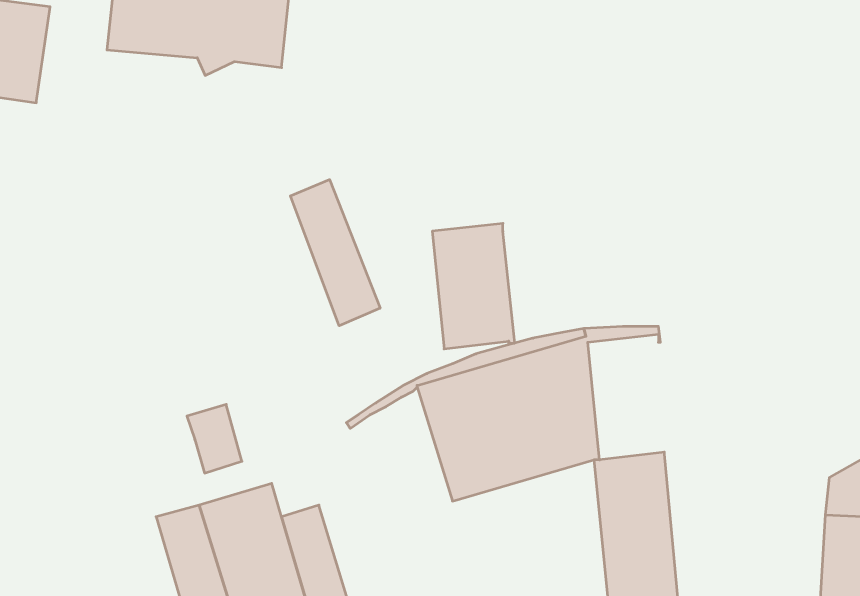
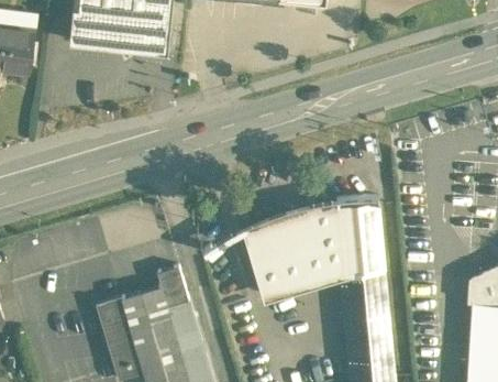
building: [290,180,380,326] -> none
building: [432,223,515,349] -> [339,204,385,274]
building: [187,404,242,473] -> [157,268,188,306]

